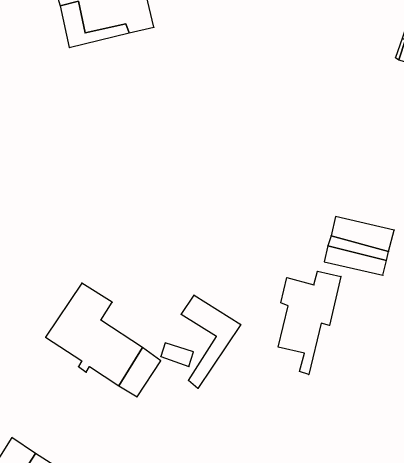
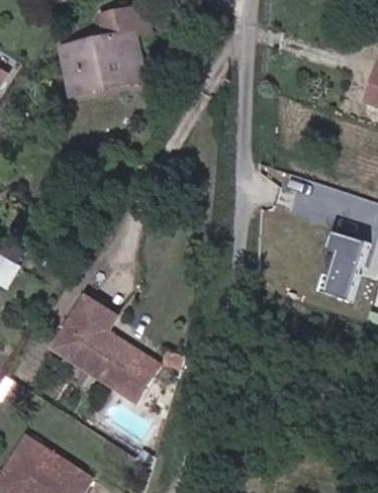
building: [278,271,341,375] -> none
building: [181,295,241,388] -> none

